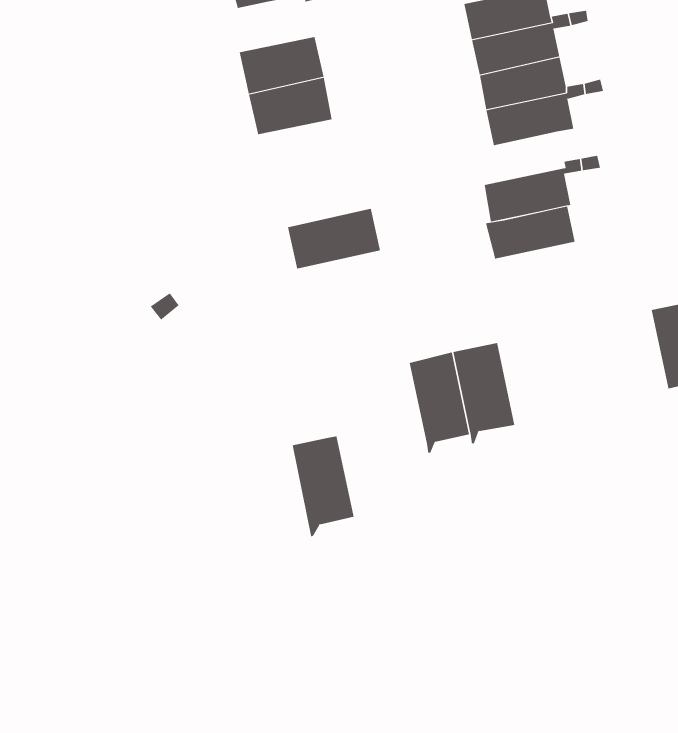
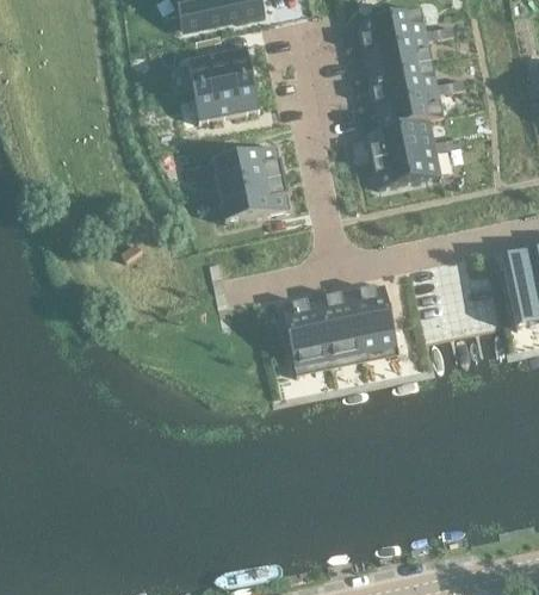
building: none -> [216,149,287,194]
building: [485,206,576,259] -> [366,122,435,162]
building: [292,436,354,537] -> [281,298,329,376]

